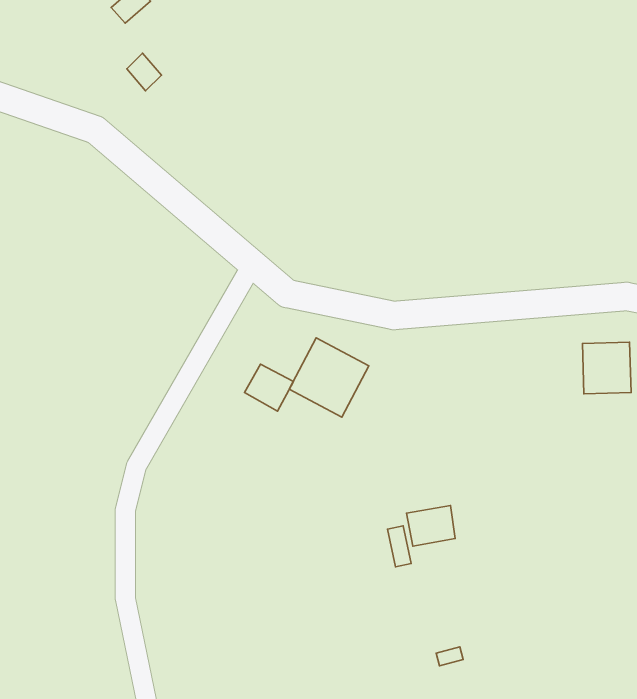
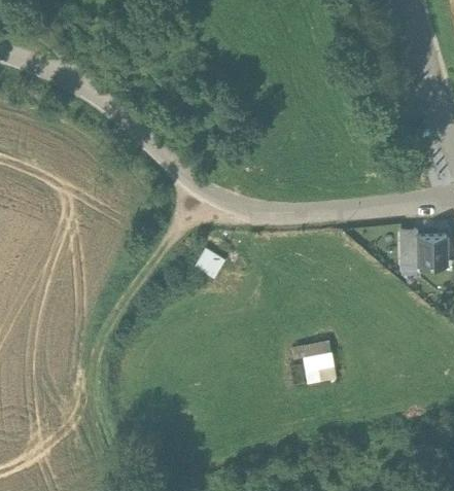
building: none -> [398,229,418,268]
building: [289,338,369,417] -> none

